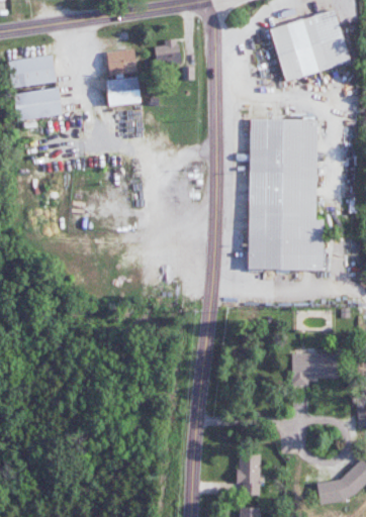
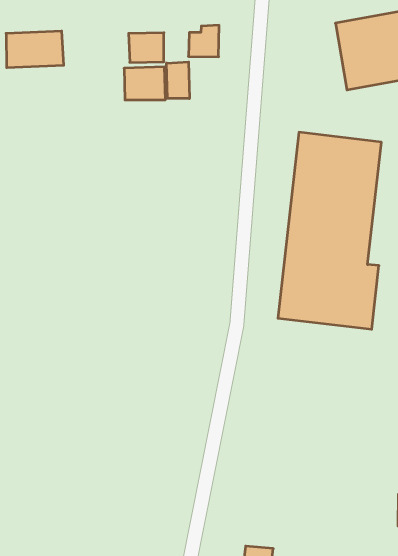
building: none -> [167,62,189,99]
building: [14,87,63,121] -> none
building: [291,352,340,382] -> none

